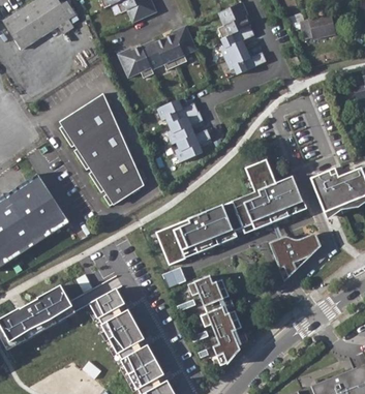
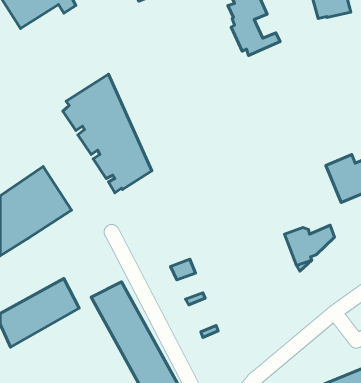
building: [118,26,197,78] -> none
building: [156,98,211,161] -> none
building: [156,158,304,265] -> none
building: [188,275,242,365] -> none

